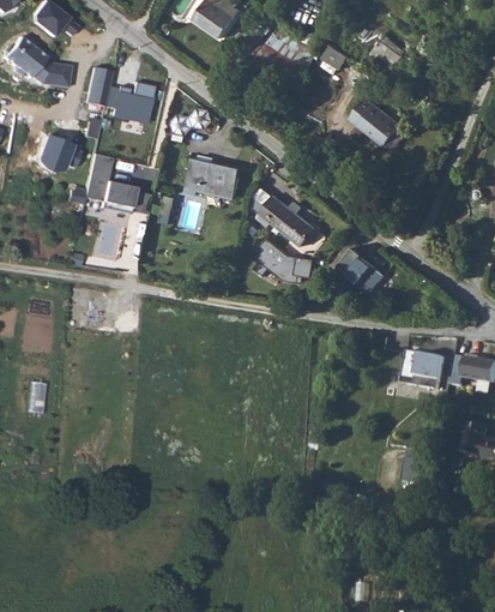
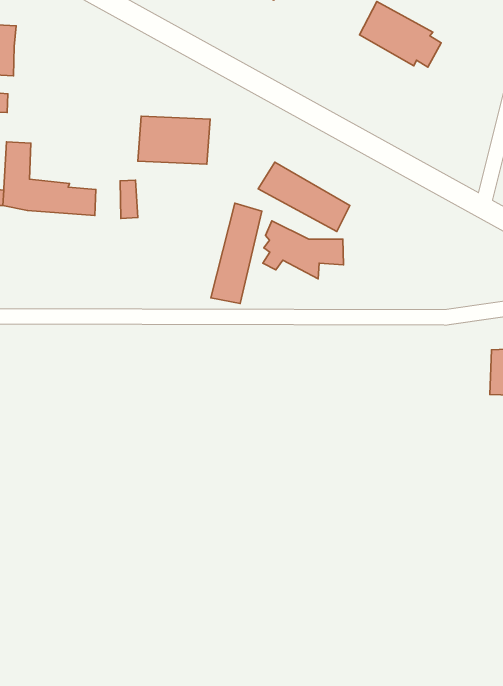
building: [103,83,151,124] -> none
building: none -> [211,203,262,303]
building: [343,247,386,292] -> none

